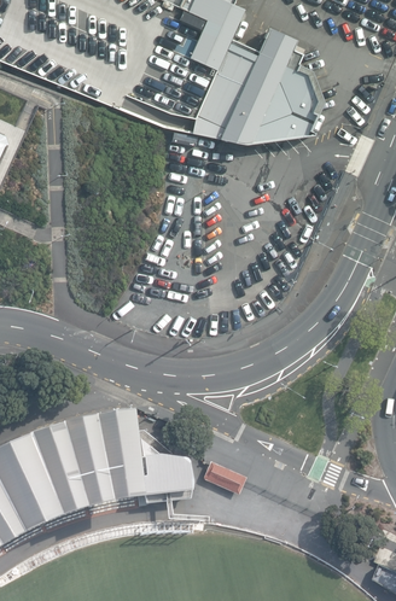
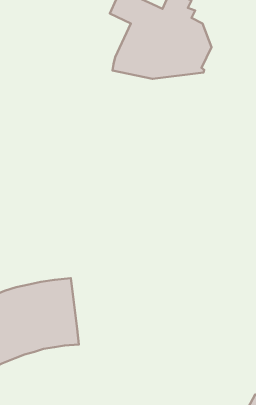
building: [144,454,194,502] -> none
building: [202,461,246,494] -> none

